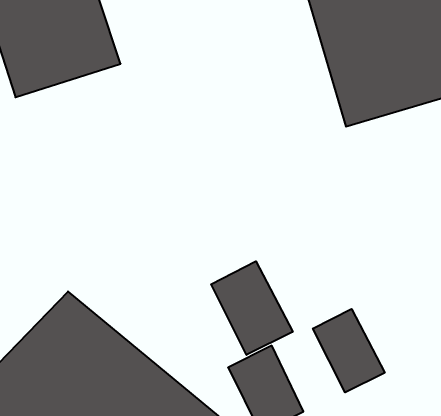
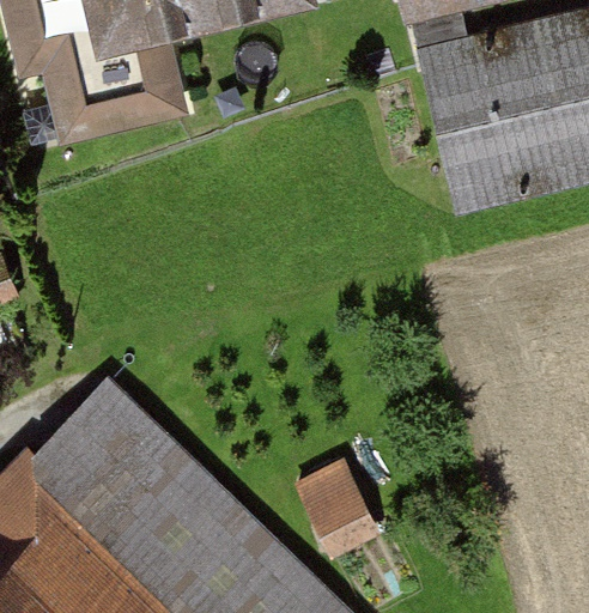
building: [211,261,293,355] -> none
building: [313,309,385,392] -> none

